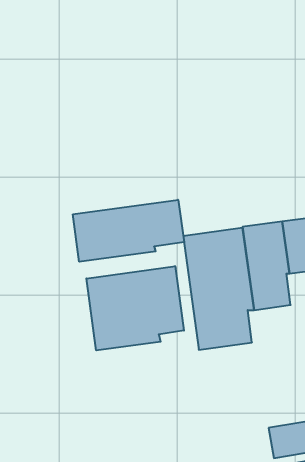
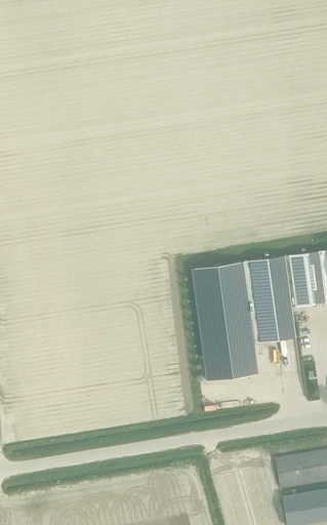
building: [73,200,184,262] -> none
building: [86,266,184,350] -> none

